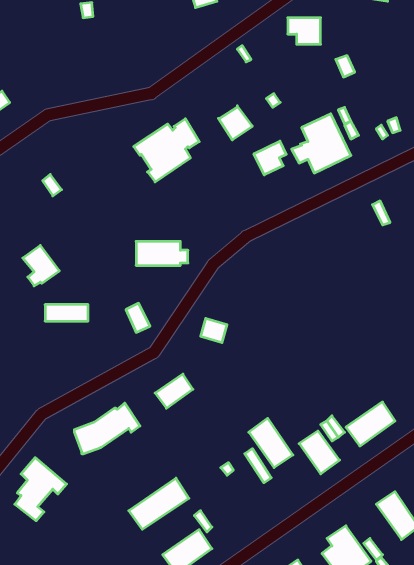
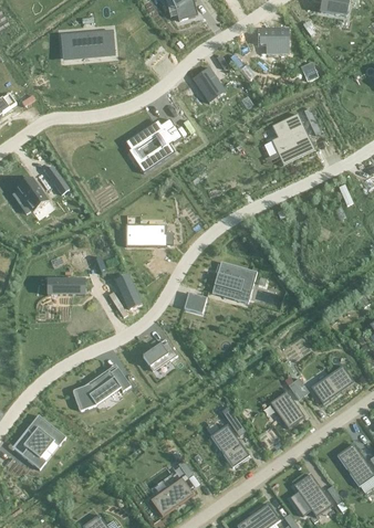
building: none -> [64,30,110,55]
building: [218,106,252,140] -> [191,66,221,96]
building: [254,141,286,175] -> none
building: [23,245,59,286] -> [15,177,48,212]
building: none -> [211,261,256,303]
building: [249,418,293,468] -> [210,423,249,466]
building: [129,478,189,529] -> none

